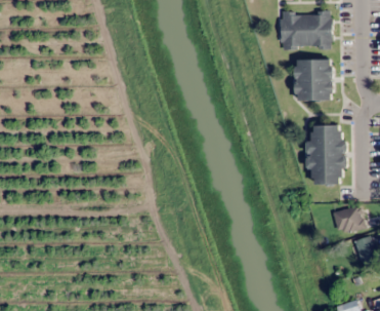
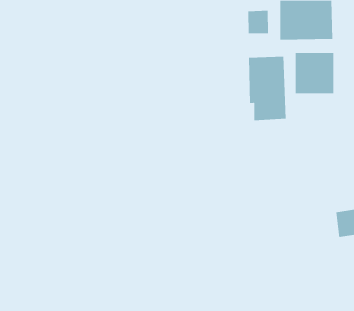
building: none -> [248,10,269,34]
building: [308,124,344,185] -> [248,56,286,121]

